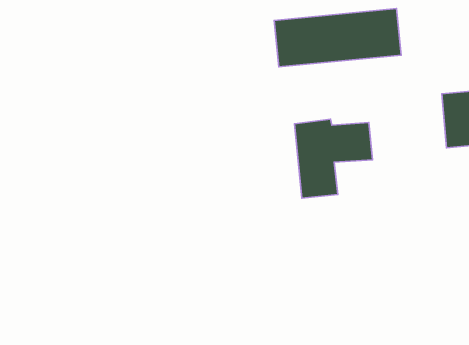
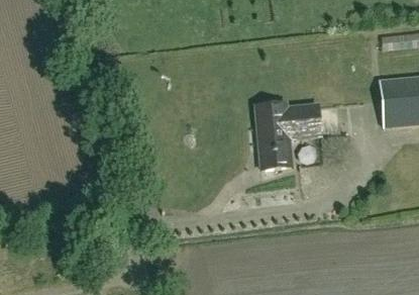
building: [274,9,401,67] -> none

